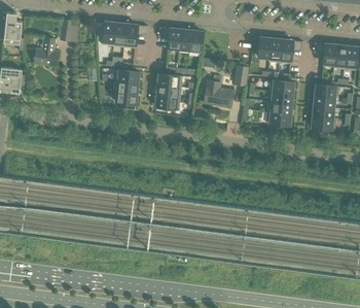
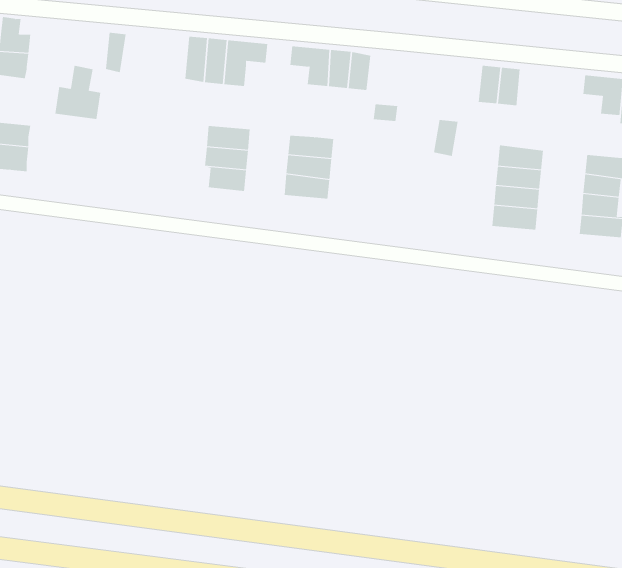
building: [279,39,302,64] -> none
building: [204,75,233,106] -> none

